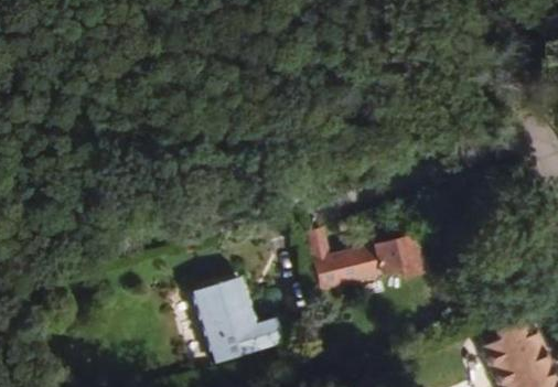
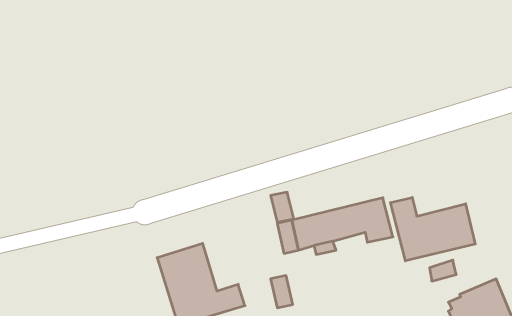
building: none -> [390,197,475,261]

